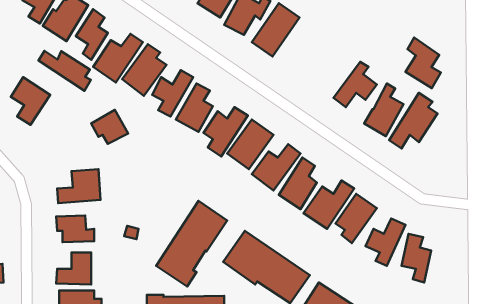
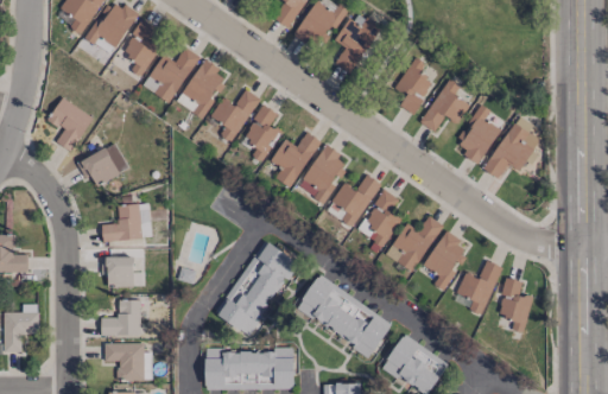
building: [406,38,441,88] -> none
building: none -> [388,64,435,114]
building: [38,51,91,91] -> none
building: [91,110,128,144] -> [78,147,121,186]

